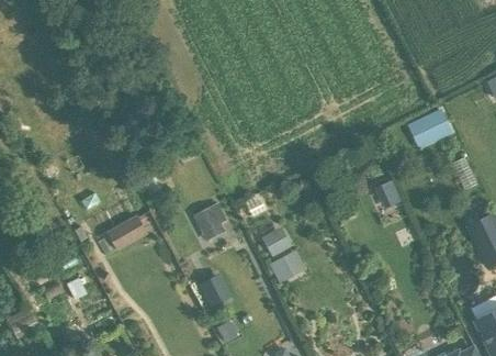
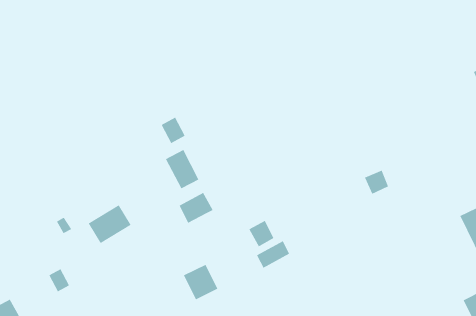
building: [417,109,452,143] -> none
building: none -> [165,149,199,189]

